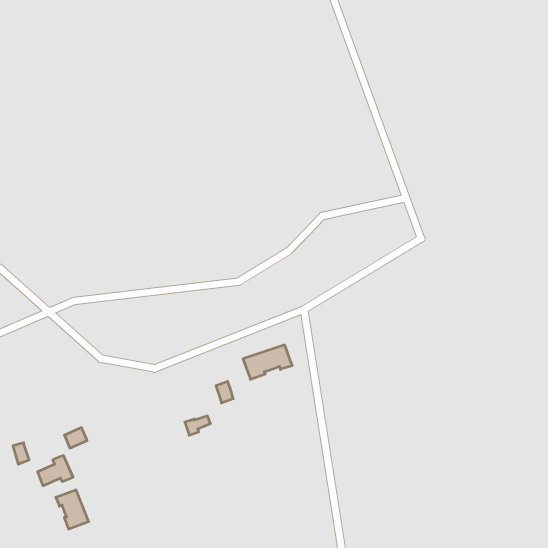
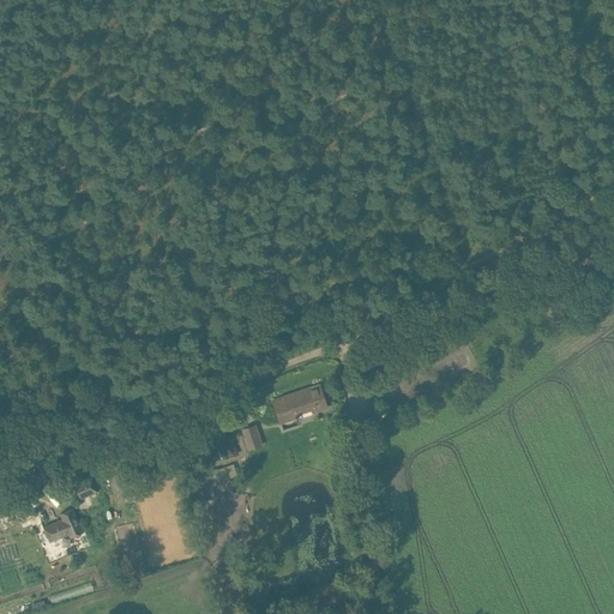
building: [56,490,89,529] -> none

